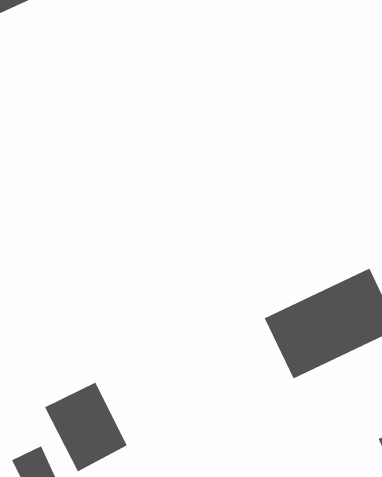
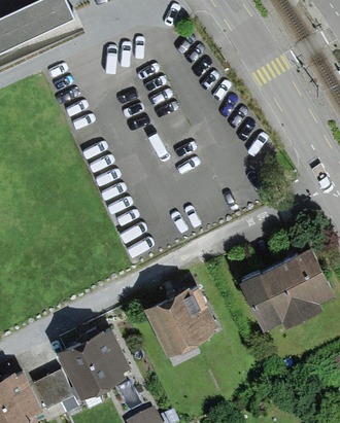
building: none -> [149,286,214,355]

